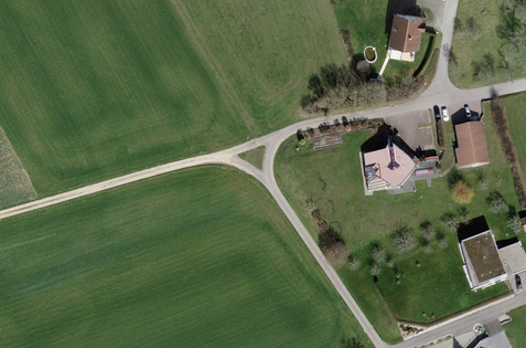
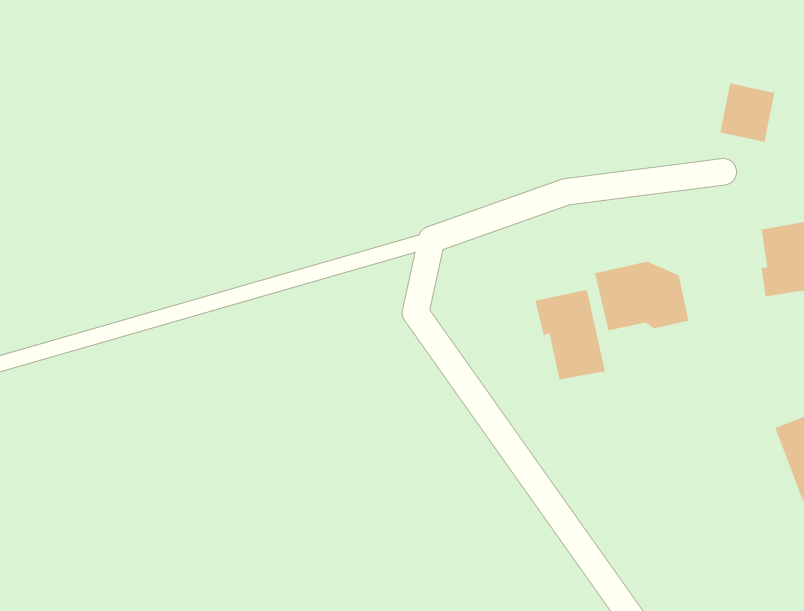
building: [389,15,420,49] -> [720,83,775,142]
building: none -> [535,289,605,380]

